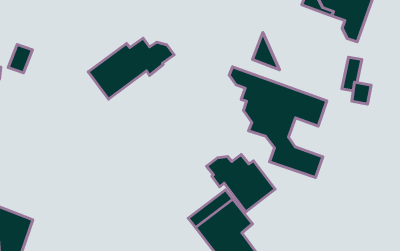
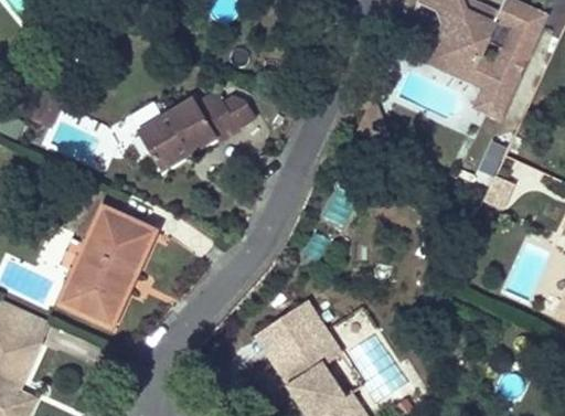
building: [229,67,327,178] -> none
building: none -> [55,206,156,327]
building: [207,154,275,212] -> none

